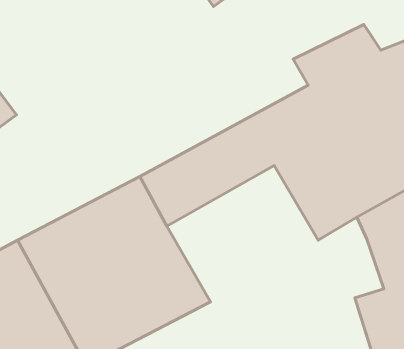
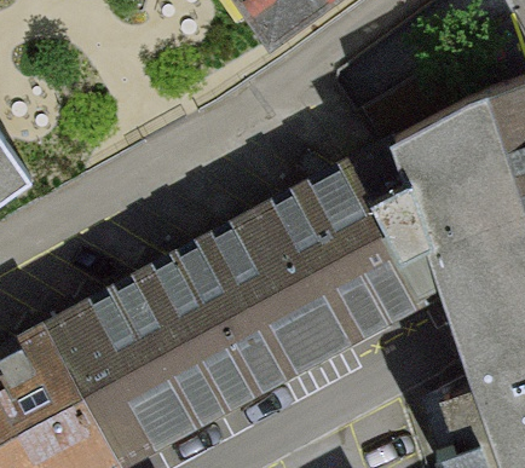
building: none -> [213,237,397,403]

